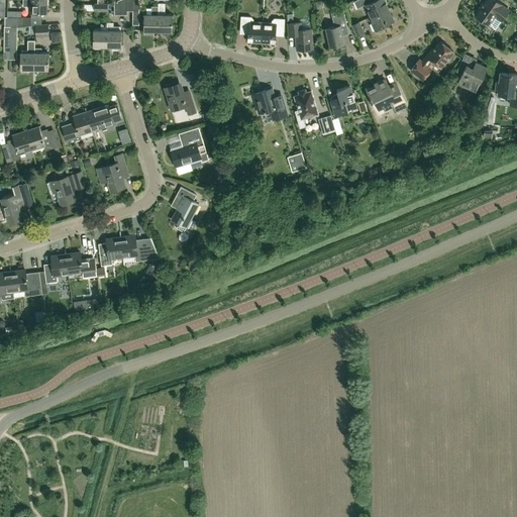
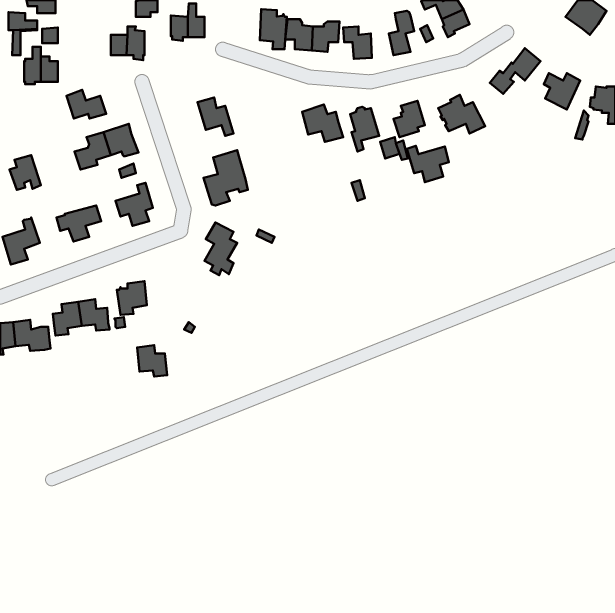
building: none -> [260,9,287,49]
building: none -> [407,146,449,182]
building: [26,126,60,150] -> [67,90,106,119]
building: [121,235,146,262] -> [137,345,167,376]

